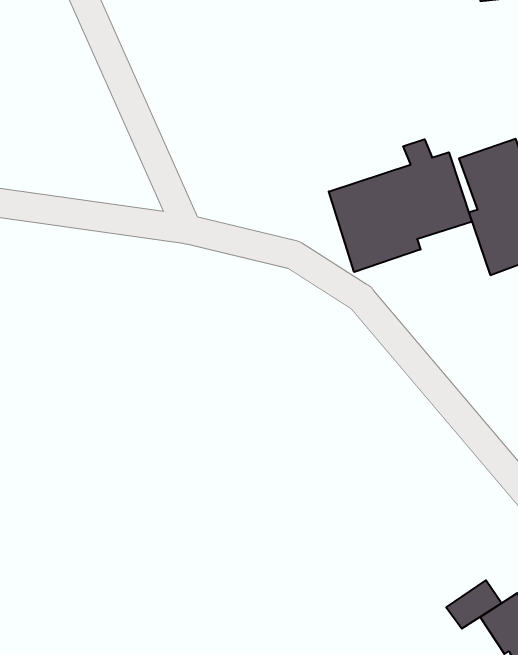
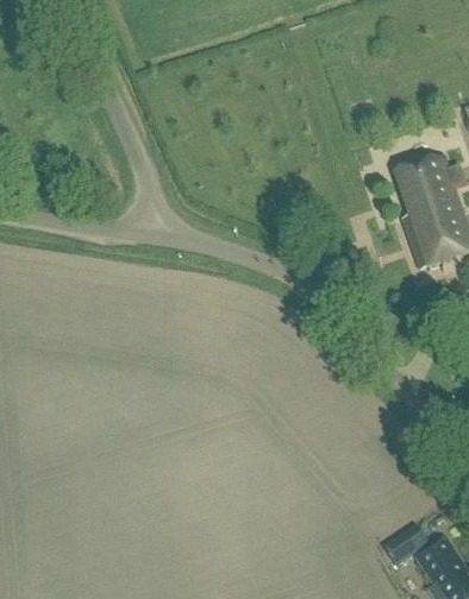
building: [329,139,472,272] -> none

